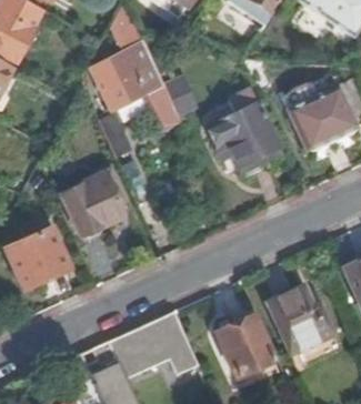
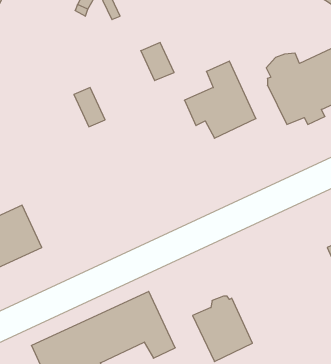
building: [93,51,181,130] -> none
building: [62,169,124,239] -> none
building: [267,286,331,351] -> none

